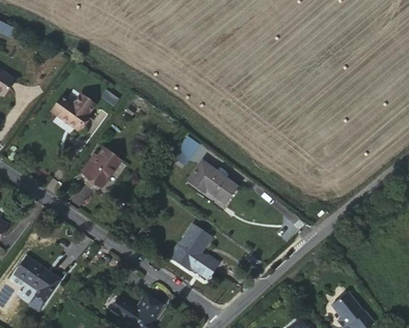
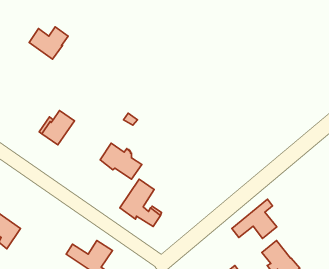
building: [51,93,94,129] -> [29,27,68,59]
building: [189,161,236,202] -> [100,143,142,179]
building: none -> [232,199,277,238]

